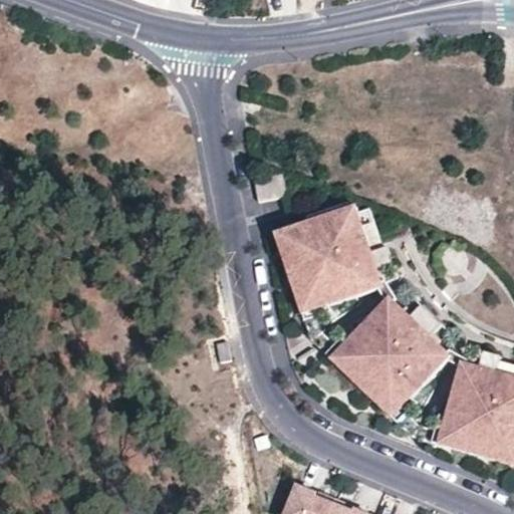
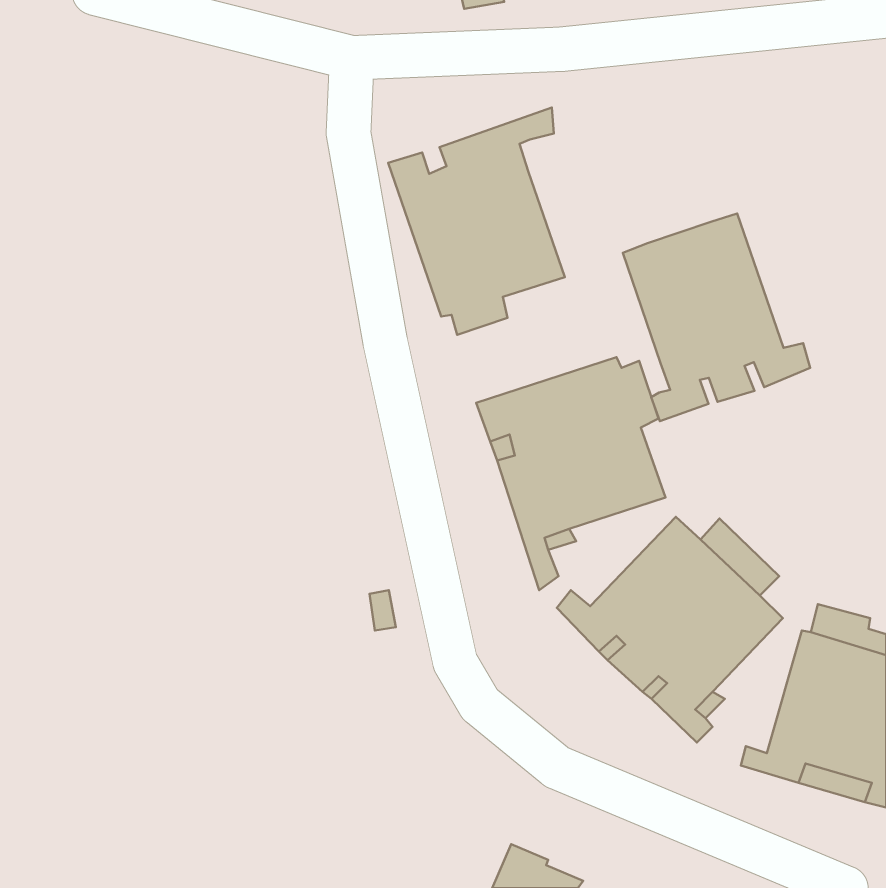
building: none -> [388,108,565,335]
building: none -> [623,213,810,421]

